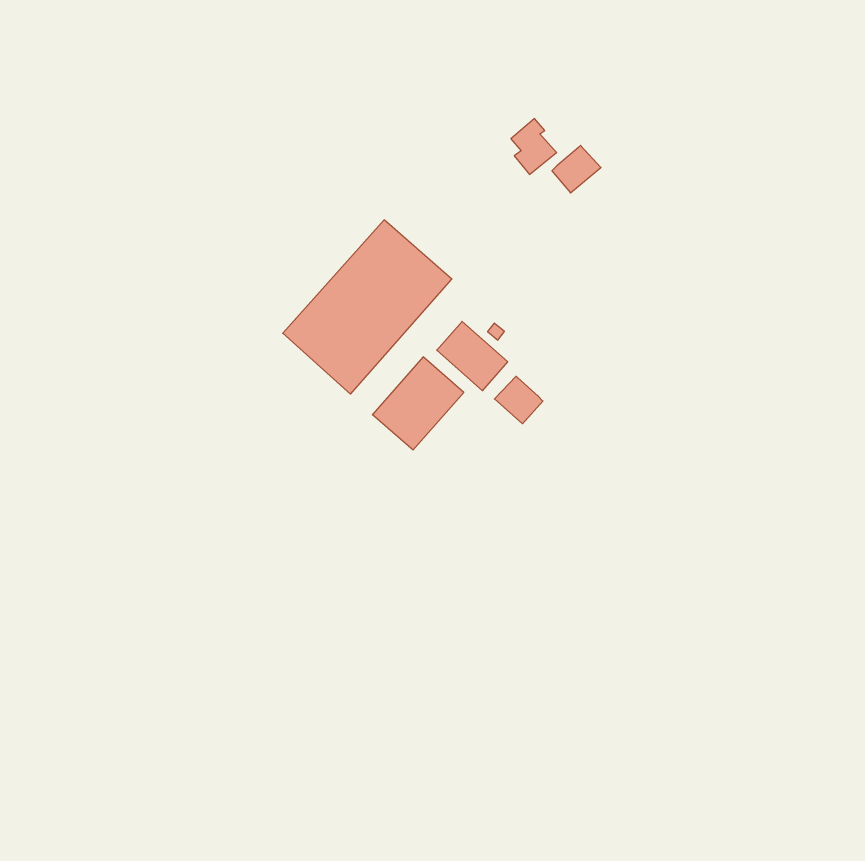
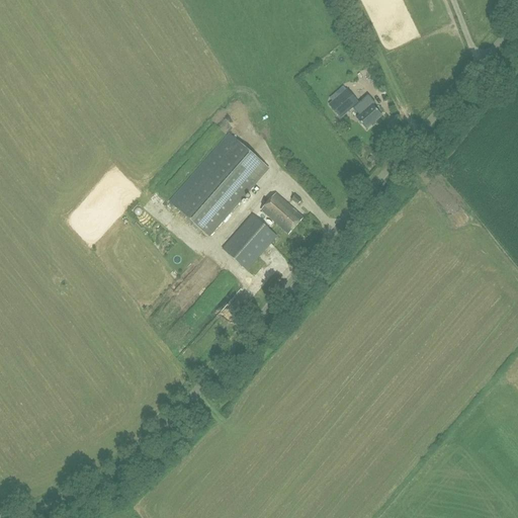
building: [511,119,557,174] -> [354,94,381,127]
building: [494,376,543,424] -> none

